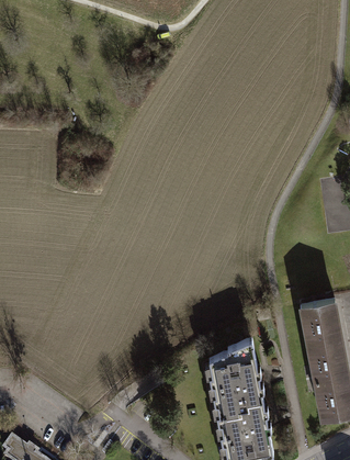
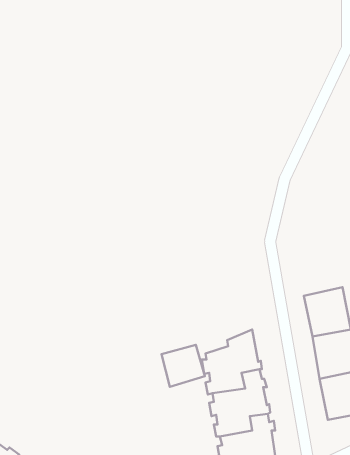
building: none -> [161,345,205,387]

